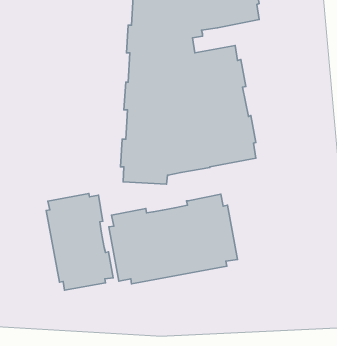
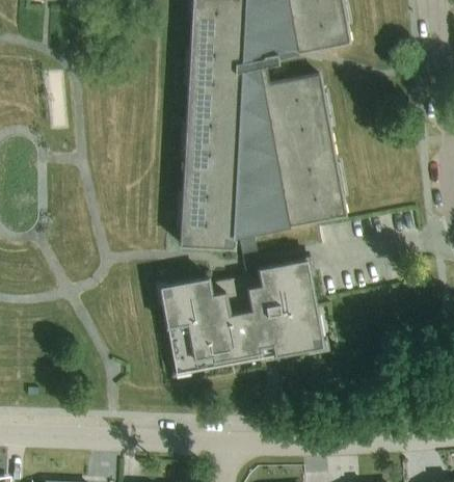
building: [46,194,113,290] -> none

